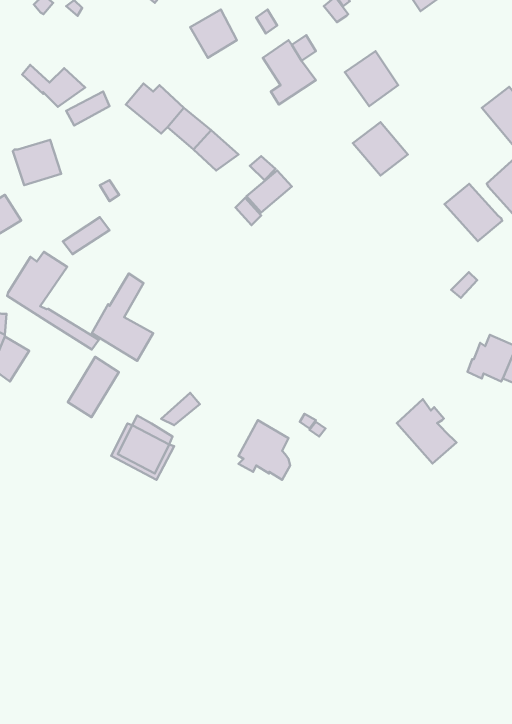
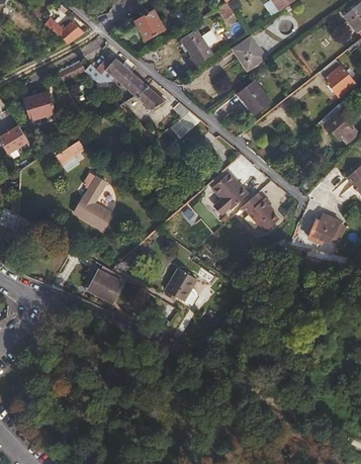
building: [22,65,85,107] -> [44,18,84,44]
building: [445,184,502,241] -> none
building: [7,252,99,349] -> none
building: none -> [211,173,248,215]
building: [68,357,119,417] -> none
building: [397,399,457,464] -> [242,192,279,233]

